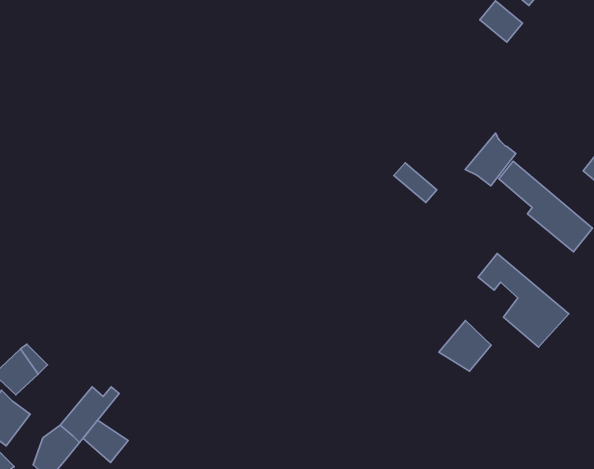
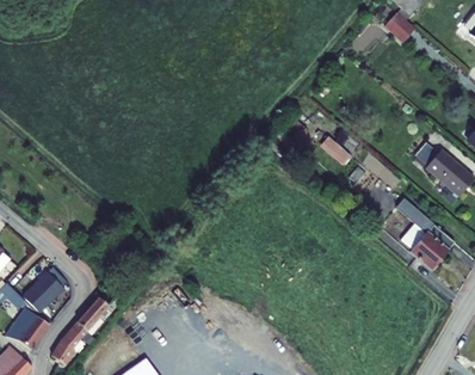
building: [465,133,516,186] -> none
building: [439,320,491,371] -> none
building: [83,420,128,463] -> none

